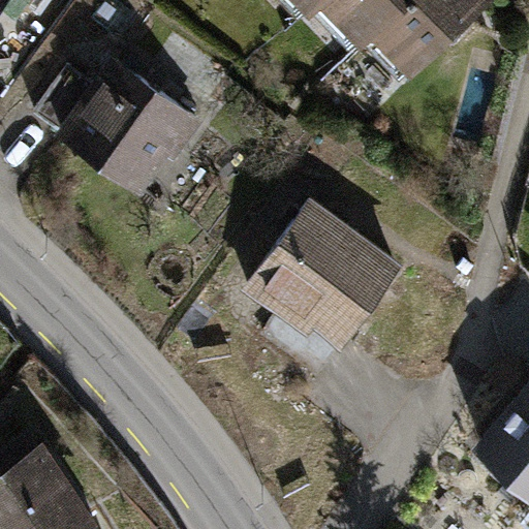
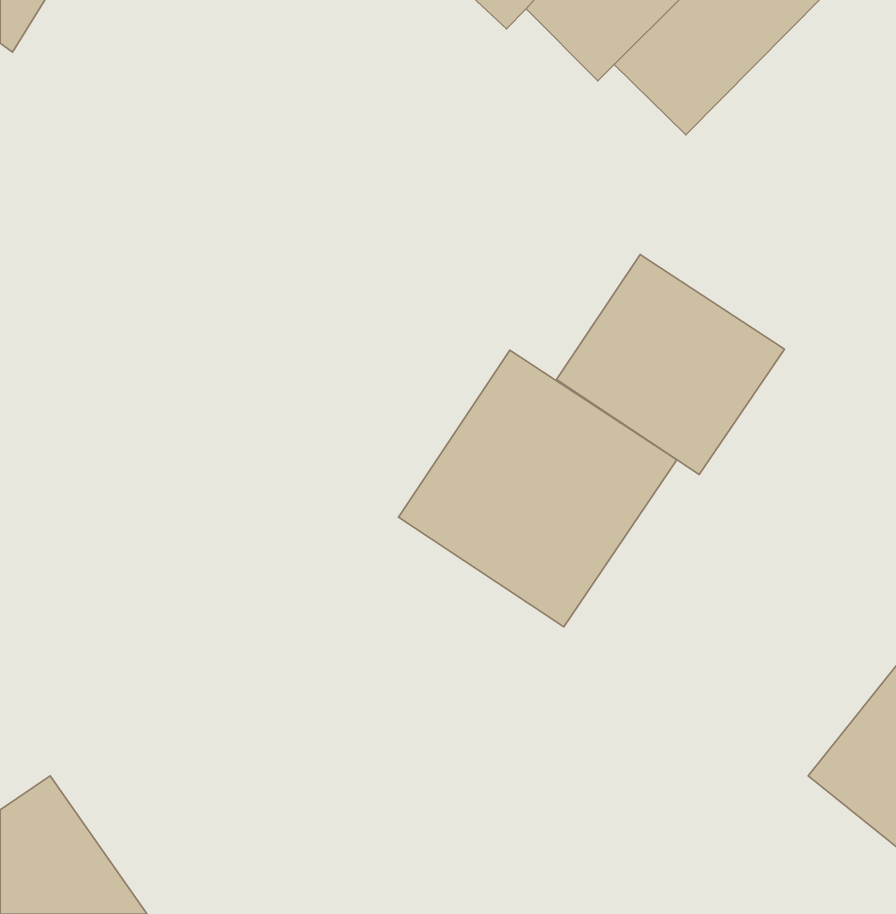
building: [56,53,208,198] -> none
building: none -> [557,255,784,475]

